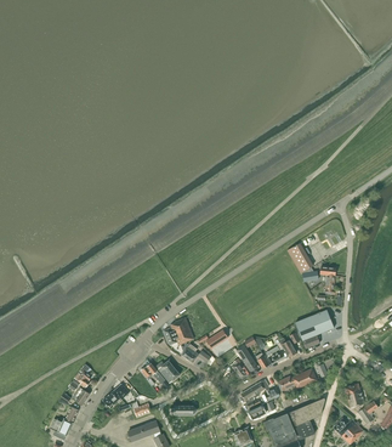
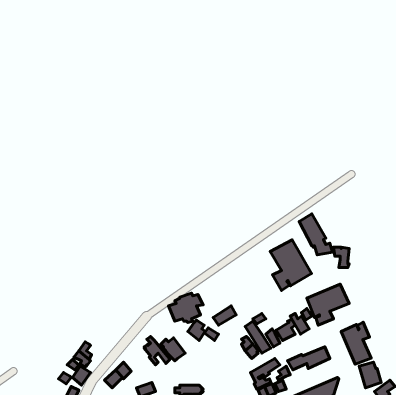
building: none -> [270,240,312,290]
building: none -> [341,322,371,364]

